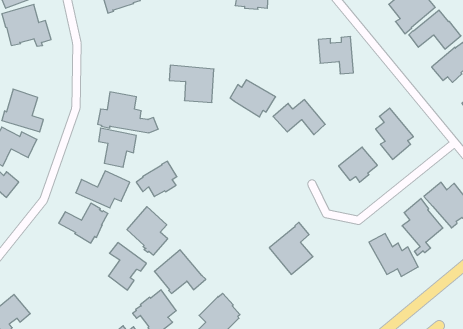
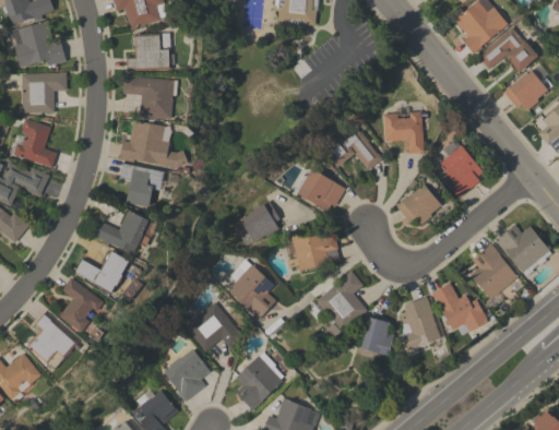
building: none -> [126,33,175,71]
building: [318,37,353,74] -> [383,111,424,154]
building: none -> [21,72,67,114]
building: [169,65,214,102] -> [122,76,174,119]
building: [230,80,276,117] -> [293,169,345,212]
building: [136,161,177,197] -> [233,201,280,241]
building: none -> [283,230,340,271]
building: [127,207,168,255] -> [228,264,275,320]
building: [108,243,146,290] -> [60,278,104,333]
building: none -> [400,297,440,356]
building: none -> [26,313,81,370]
building: none -> [361,318,394,355]

